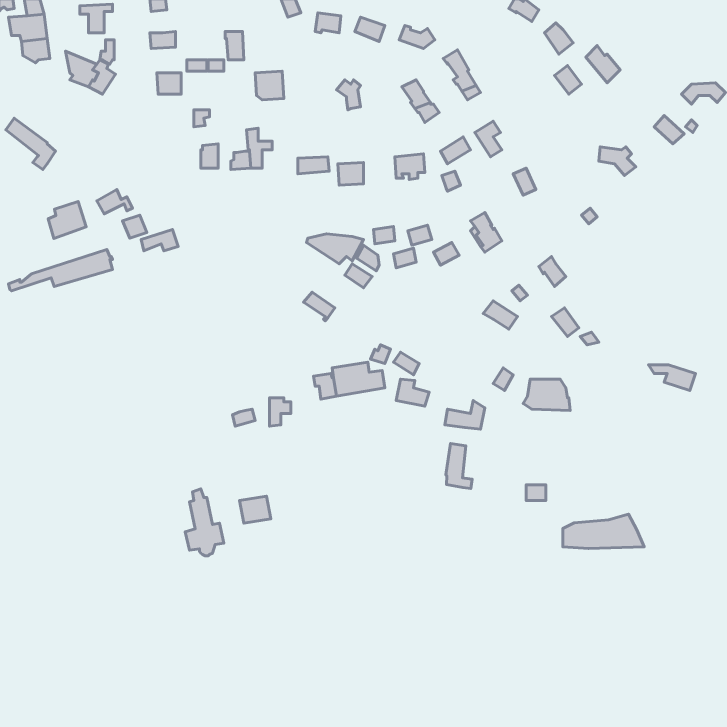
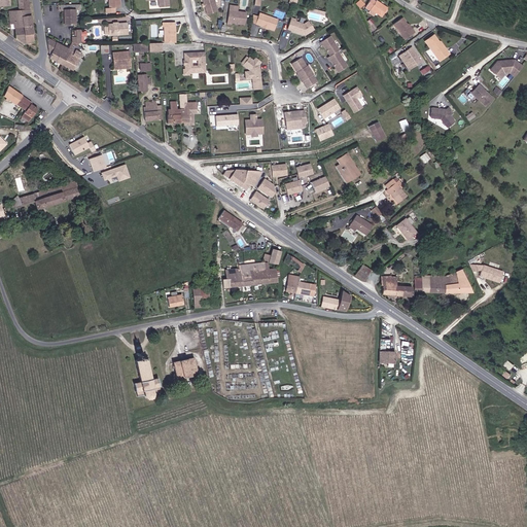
building: [48,202,86,239] -> none
building: [446,444,472,488] -> none
building: [563,514,644,548] -> [414,269,472,293]

